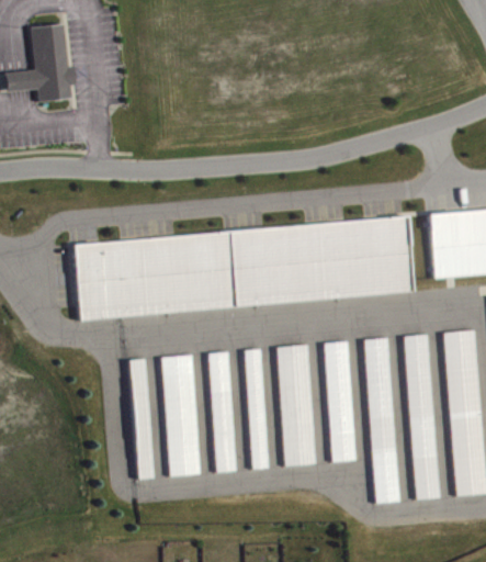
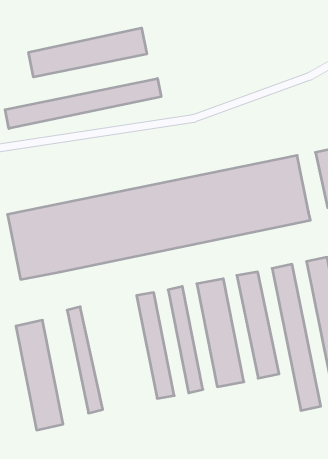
building: none -> [29,28,147,77]
building: none -> [5,78,161,129]
building: [160,353,201,476] -> [16,320,63,430]

